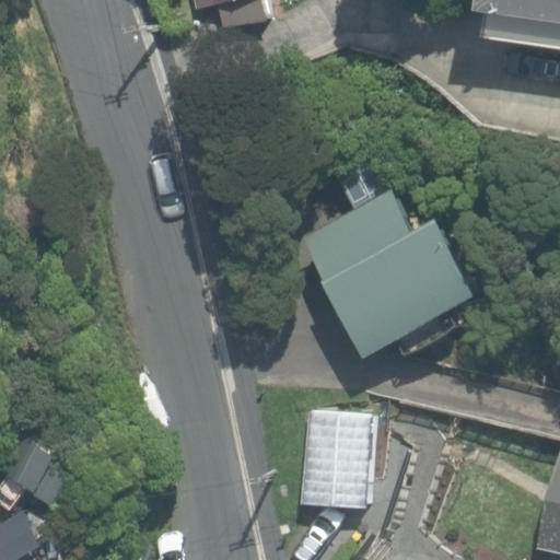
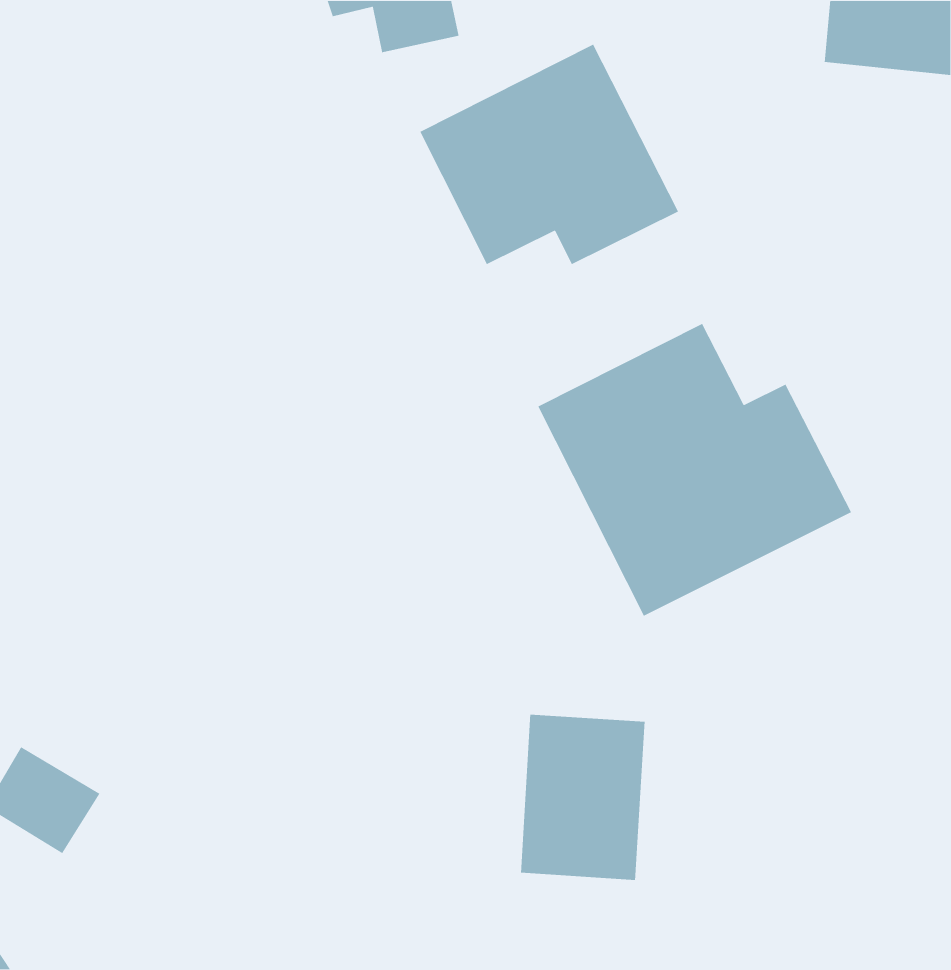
building: none -> [419,43,679,265]

